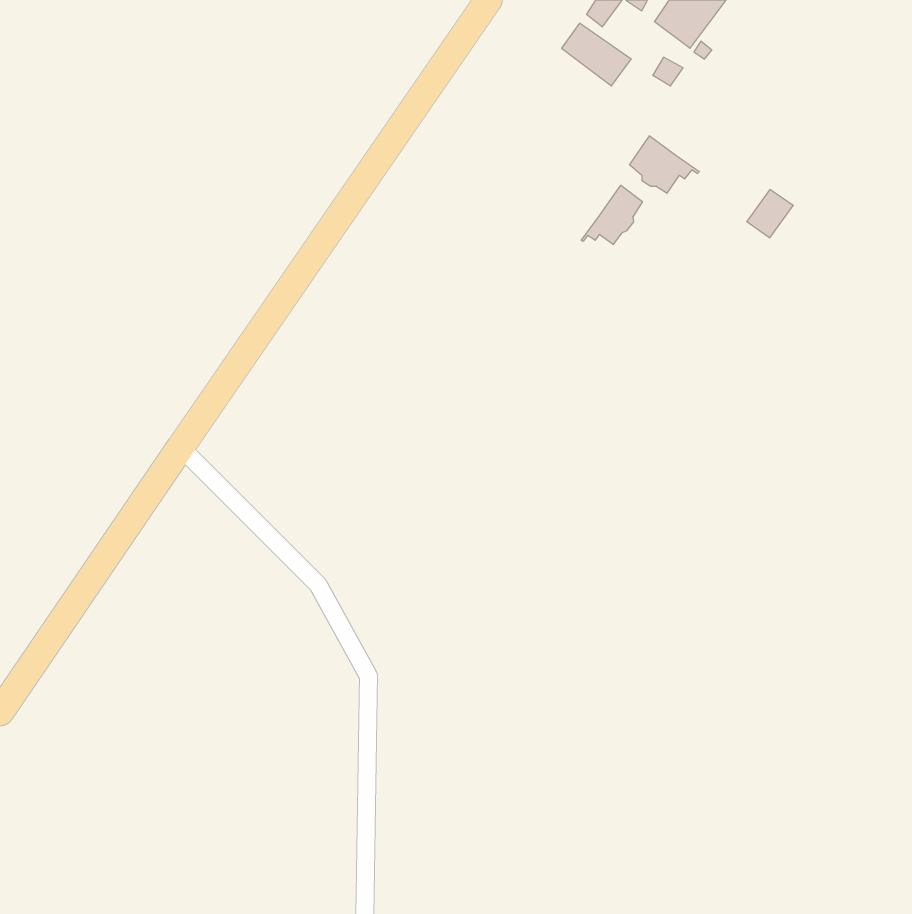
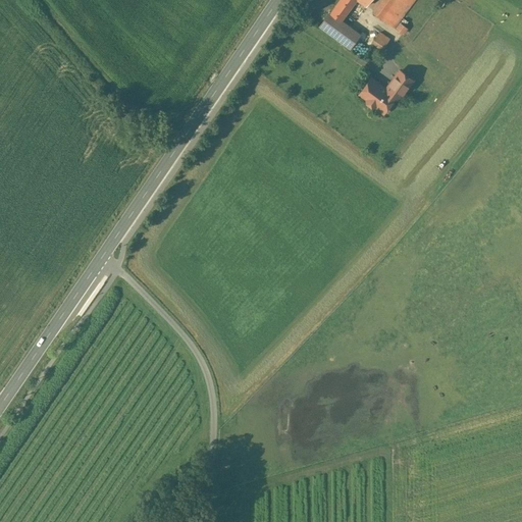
building: [581,185,642,245] -> none
building: [747,189,793,238] -> [386,70,413,98]

